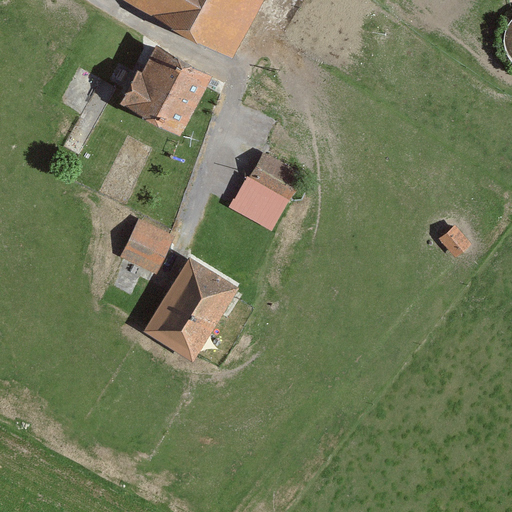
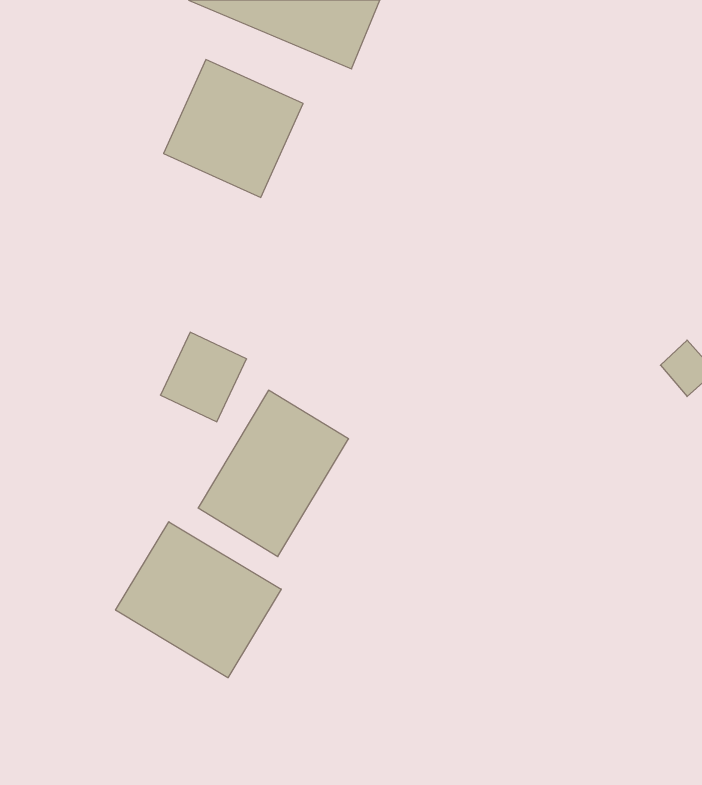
building: [228,150,297,233] -> none
building: none -> [116,522,281,678]

